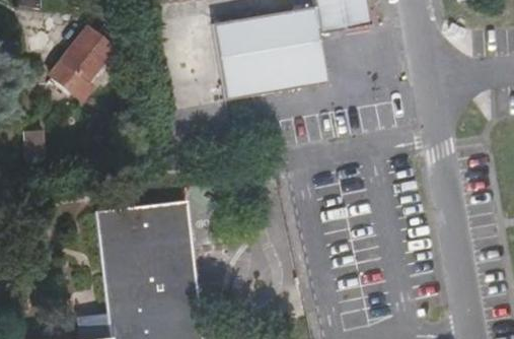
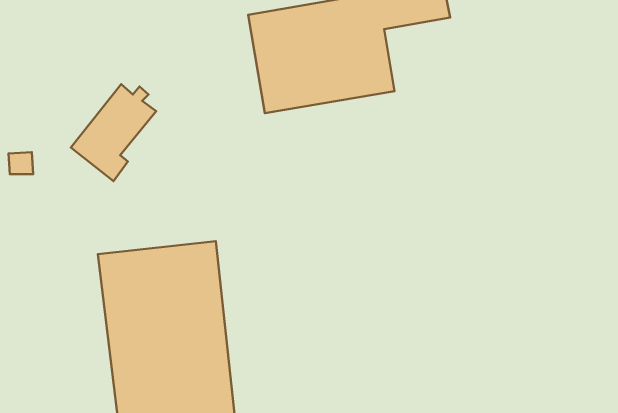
building: [49,24,116,100] -> [71,84,156,181]

